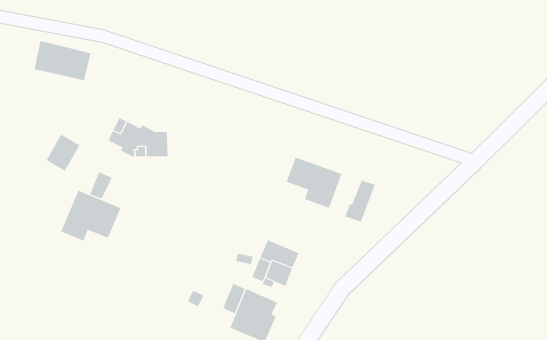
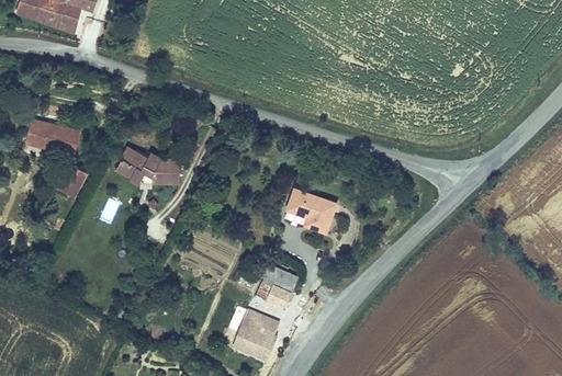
building: [34,41,91,81] -> [25,116,80,155]
building: [345,180,375,223] -> none
building: [61,190,121,242] -> none

